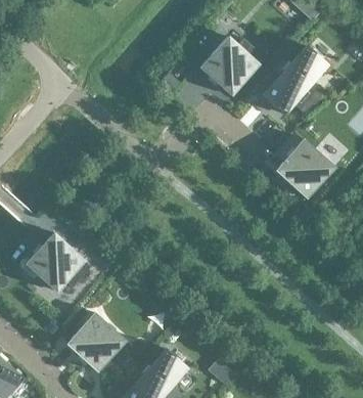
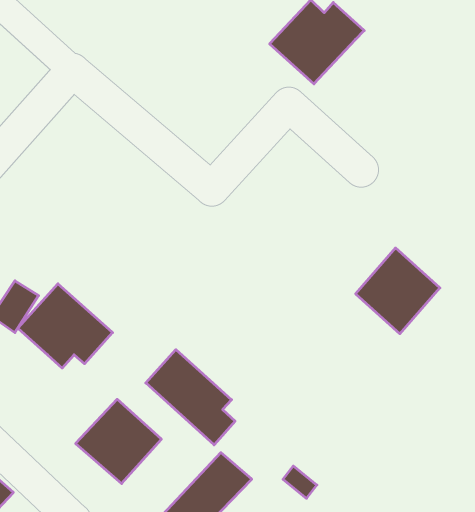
building: [263,47,327,115] -> none
building: [275,139,333,198] -> [356,248,440,334]
building: none -> [146,350,235,445]

